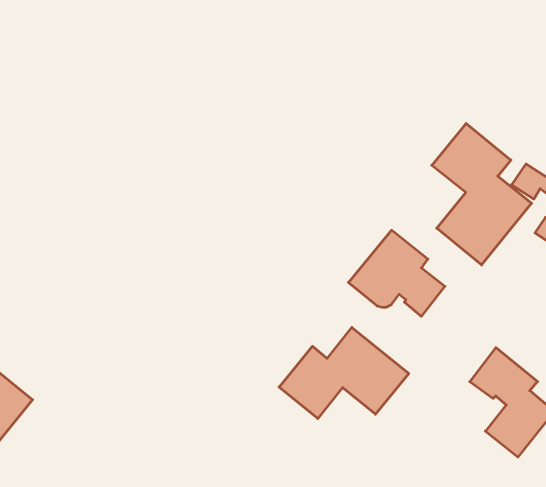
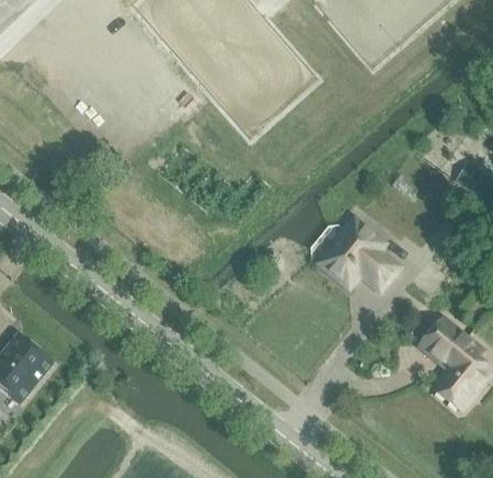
building: [432,123,532,265] -> none
building: [279,327,409,419] -> none

